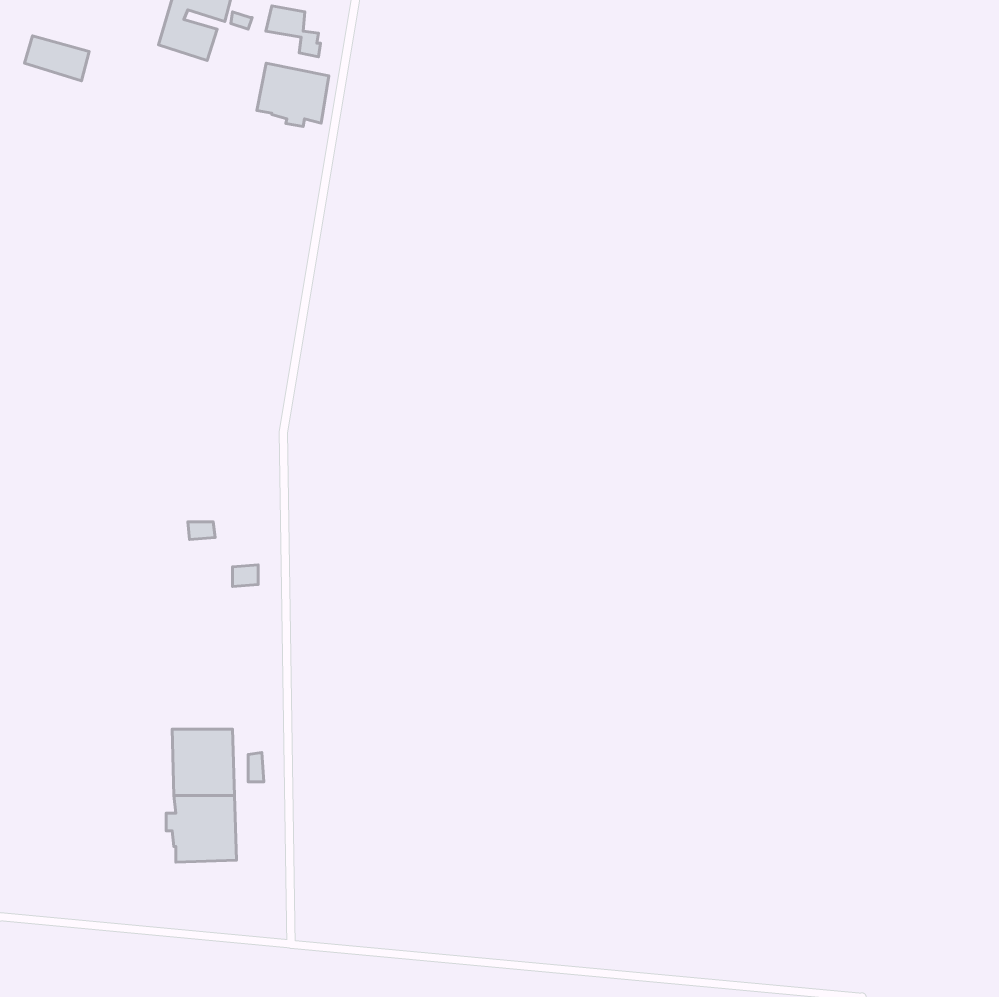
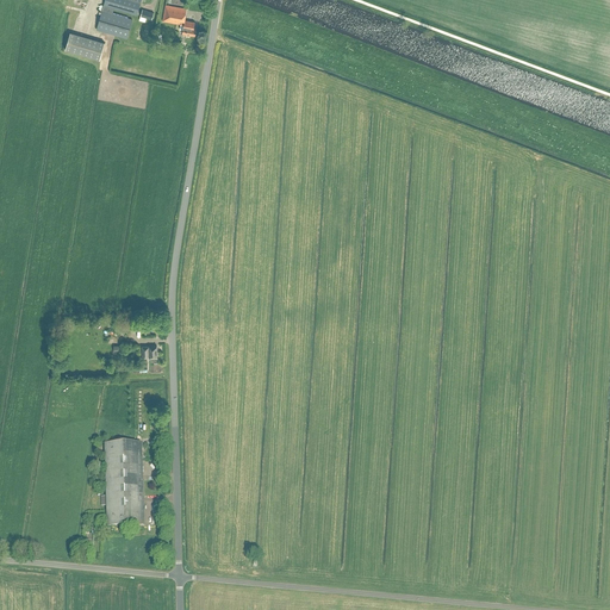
building: [25,36,89,81] -> [66,31,105,58]
building: [257,63,329,126] -> none

